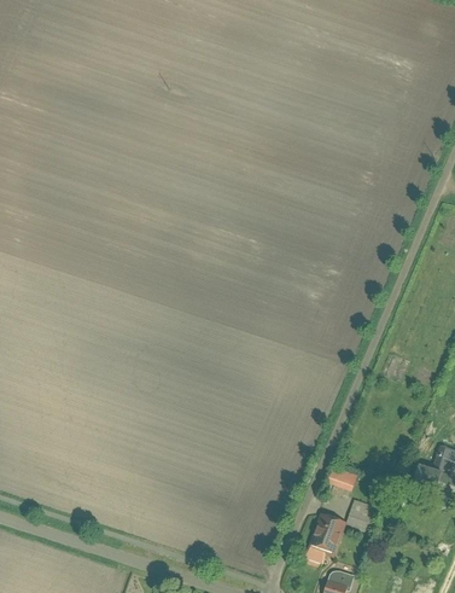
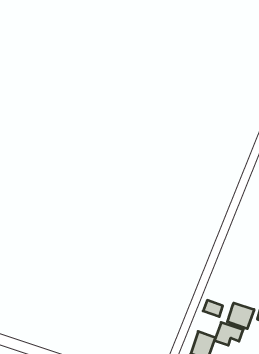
building: none -> [227,303,254,329]

